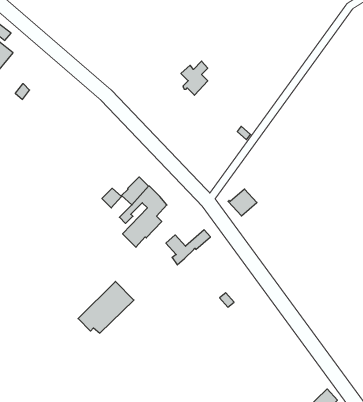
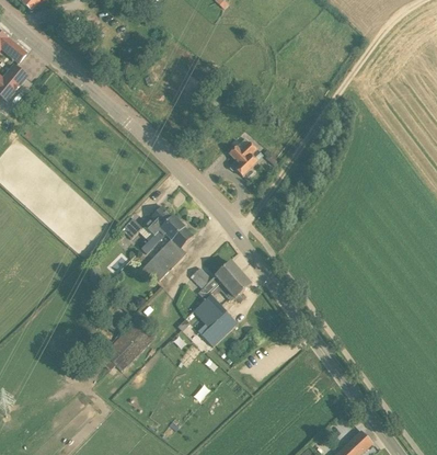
building: [181,61,208,95] -> [229,139,257,175]
building: [228,189,257,216] -> [220,269,251,297]
building: none -> [192,292,235,345]

